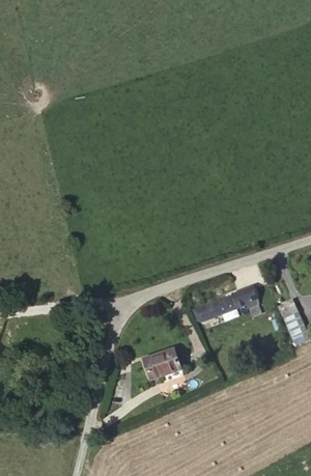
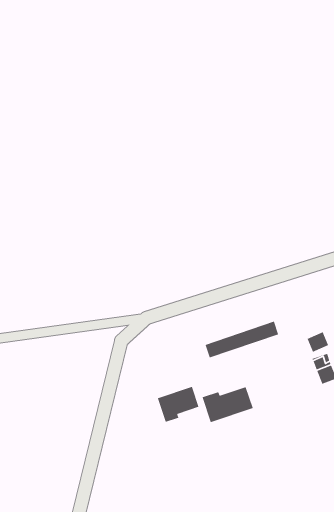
building: none -> [202,386,254,423]

